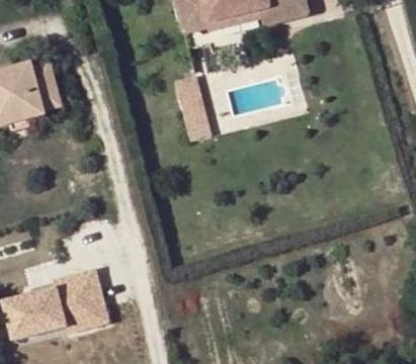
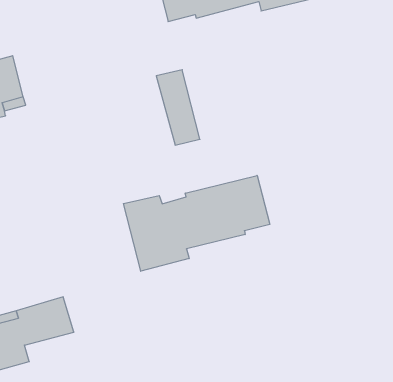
building: none -> [123,175,270,271]
building: [60,300,107,332] -> none

